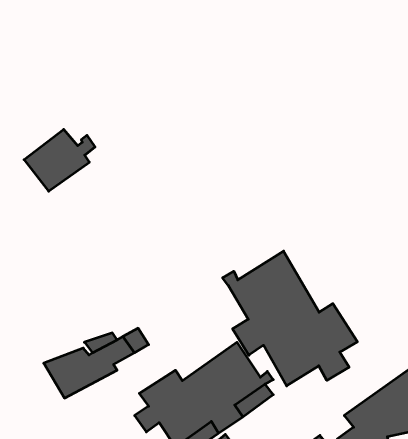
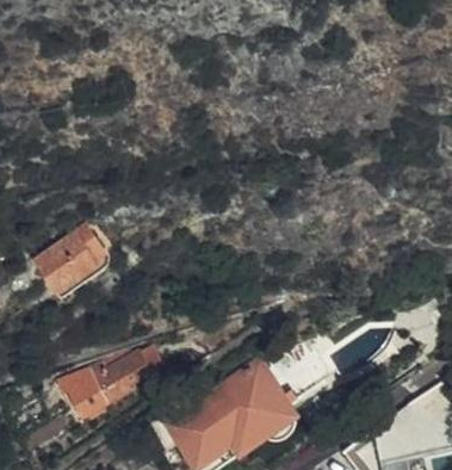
building: [24,129,95,191] -> [35,233,107,296]
building: [223,251,357,386] -> none

